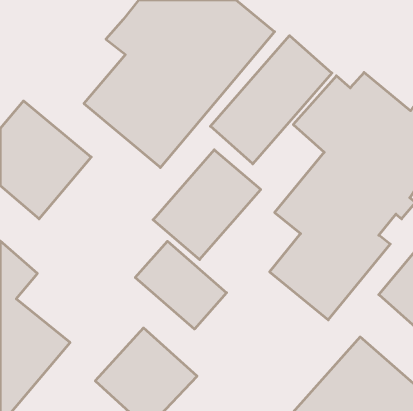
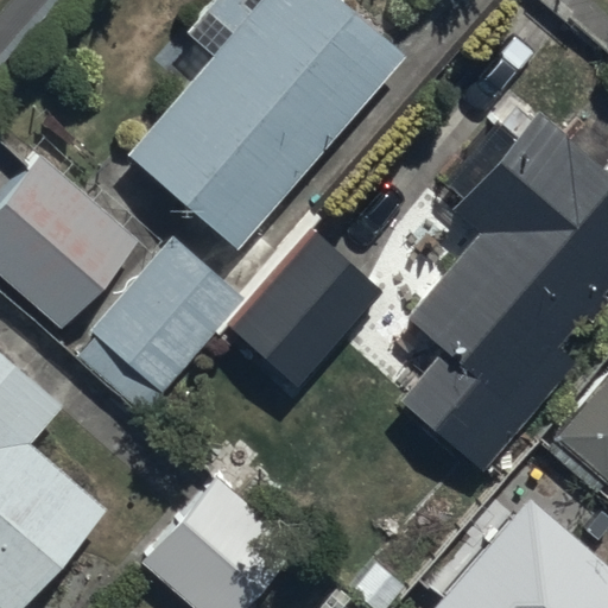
building: [210,36,332,164] -> none
building: none -> [78,236,247,417]
building: [135,241,227,329] -> none

